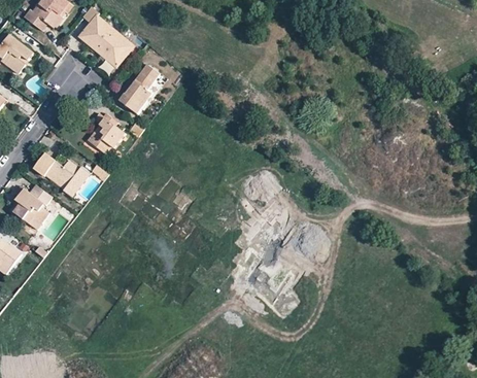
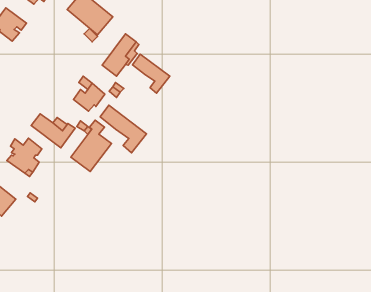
building: none -> [133,54,170,93]
building: none -> [100,105,147,153]
building: none -> [71,120,111,171]

